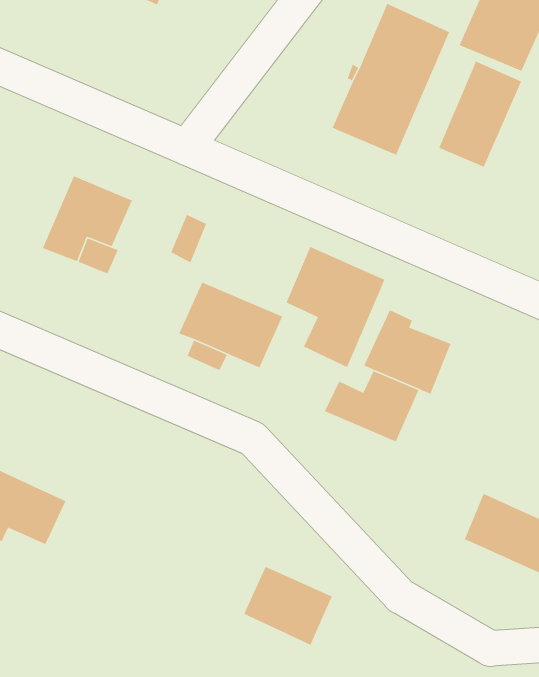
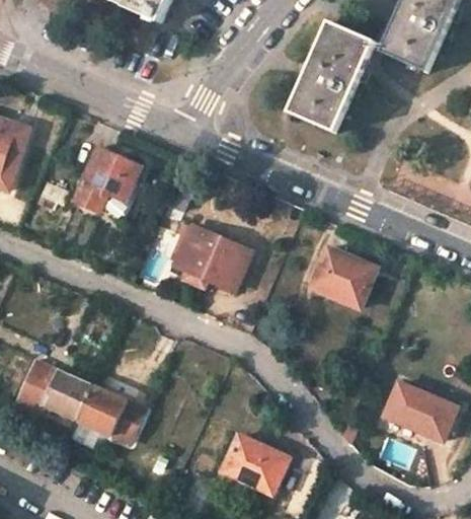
building: [438,60,522,168] -> none
building: [286,246,386,368] -> none
building: [324,370,419,442] -> none
building: none -> [77,386,144,443]

